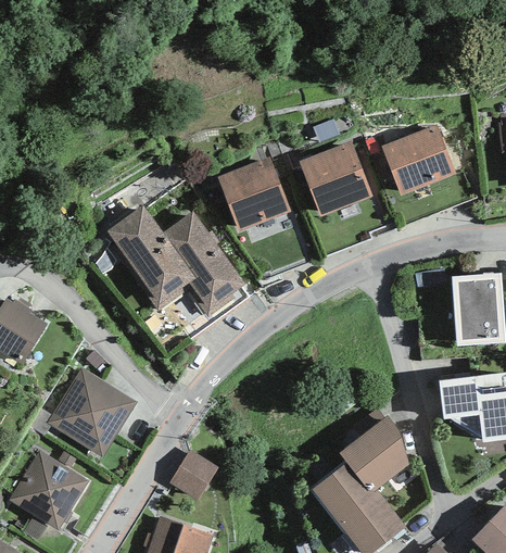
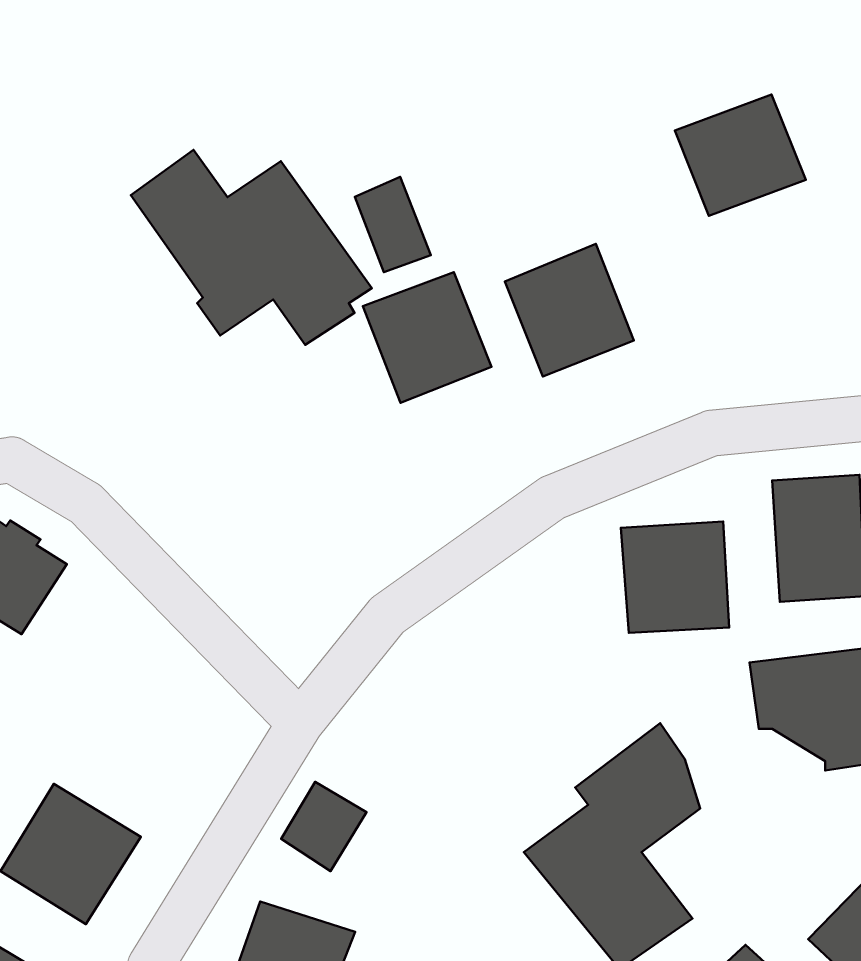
building: none -> [355,177,431,272]
building: [380,125,455,194] -> [675,94,806,216]
building: [106,204,244,316] -> [131,150,372,345]
building: none -> [621,522,729,633]
building: [46,366,136,457] -> none

